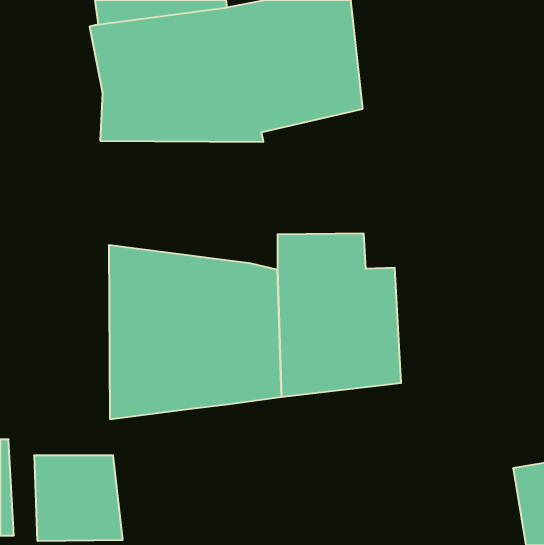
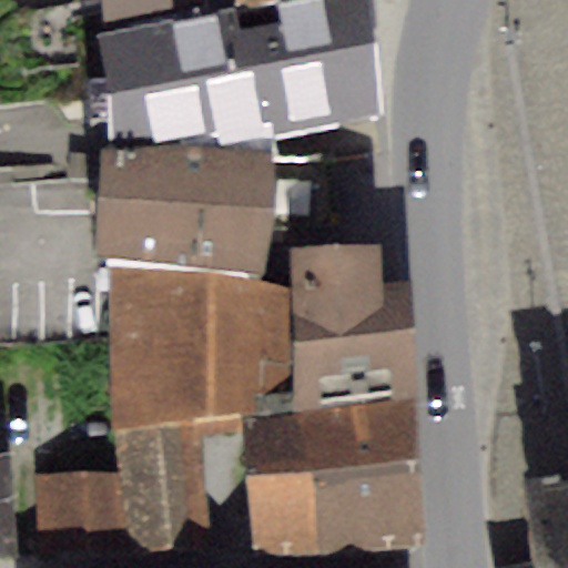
building: none -> [94,146,275,274]
building: none -> [239,398,423,555]
building: none -> [115,425,210,561]

